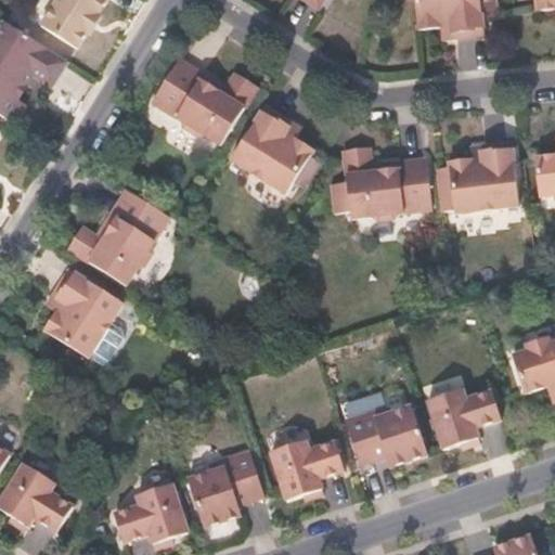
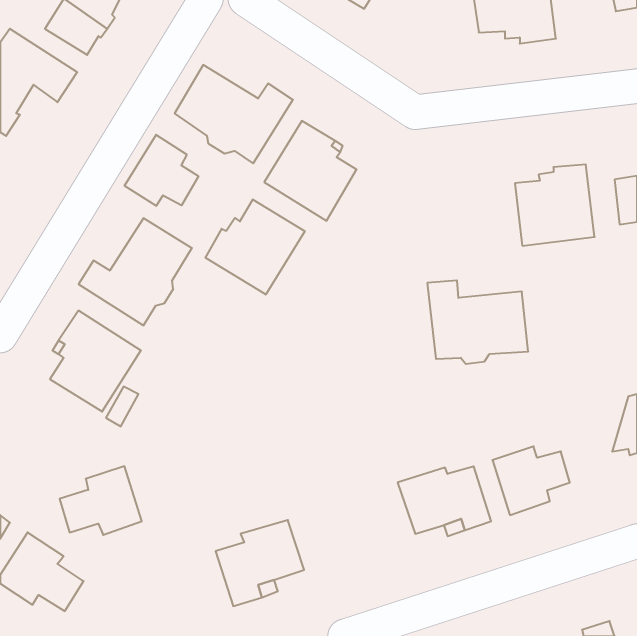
building: none -> [125,135,198,206]
building: [343,146,430,219] -> [427,280,528,364]
building: none -> [206,199,305,295]
building: [513,340,546,393] -> none
building: [271,440,344,500] -> none
building: [115,483,186,543] -> [60,466,142,535]

